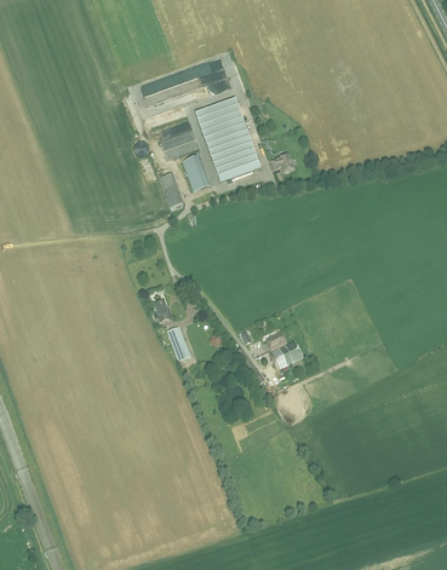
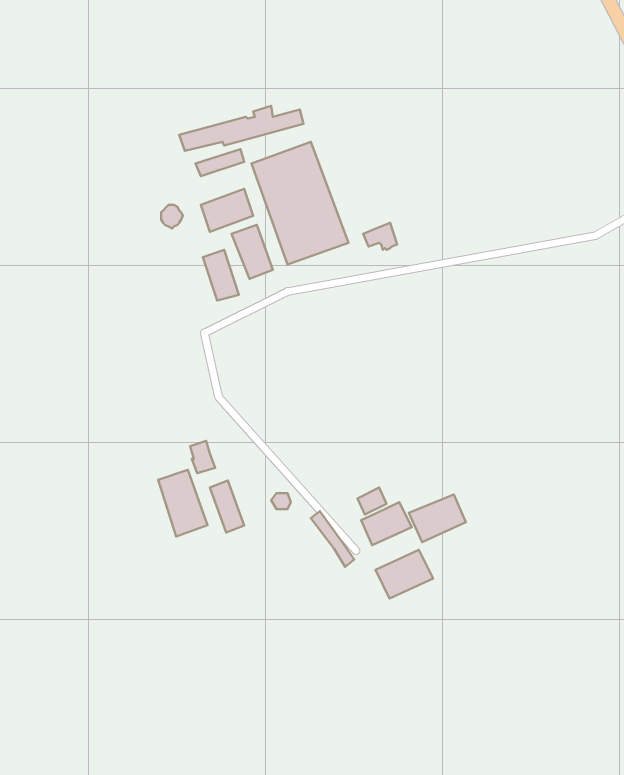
building: none -> [158,470,208,537]
building: none -> [409,495,466,542]
building: none -> [375,550,433,598]

